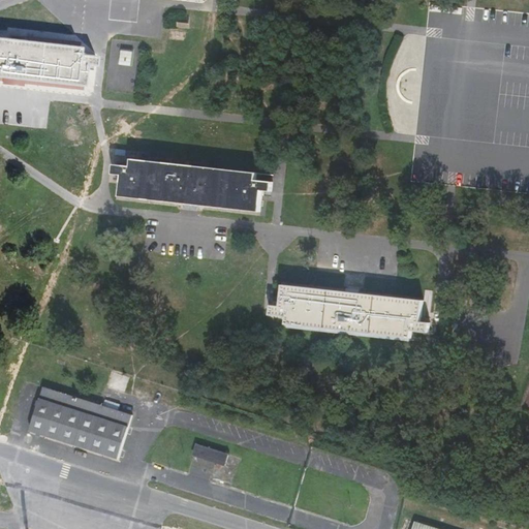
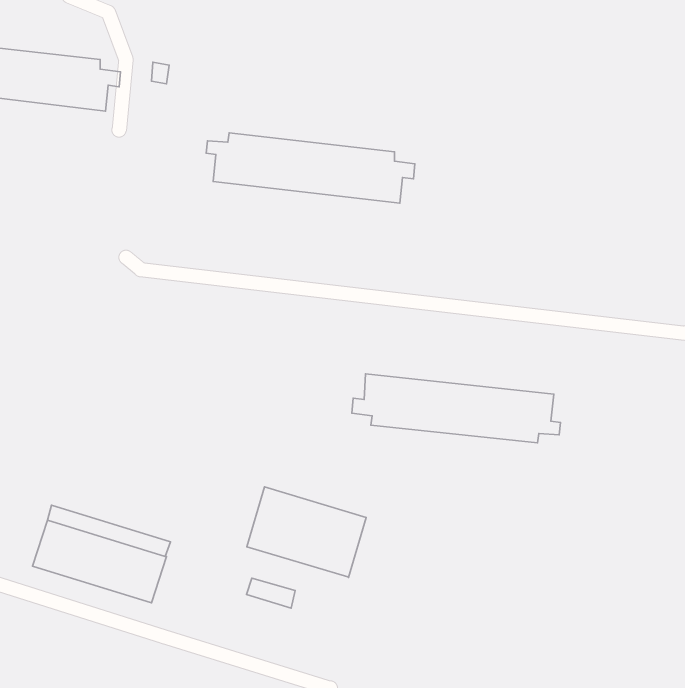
building: [111,157,270,211] -> [206,133,415,203]
building: none -> [247,487,366,578]

